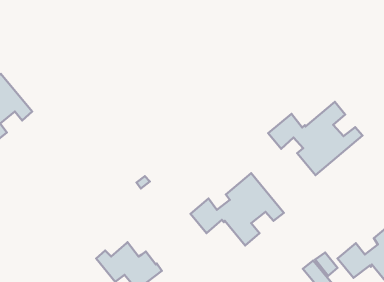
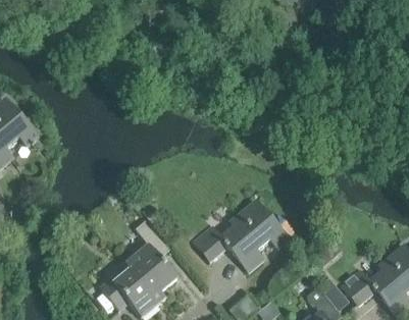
building: [268,102,363,175] -> none
building: none -> [126,219,177,290]

